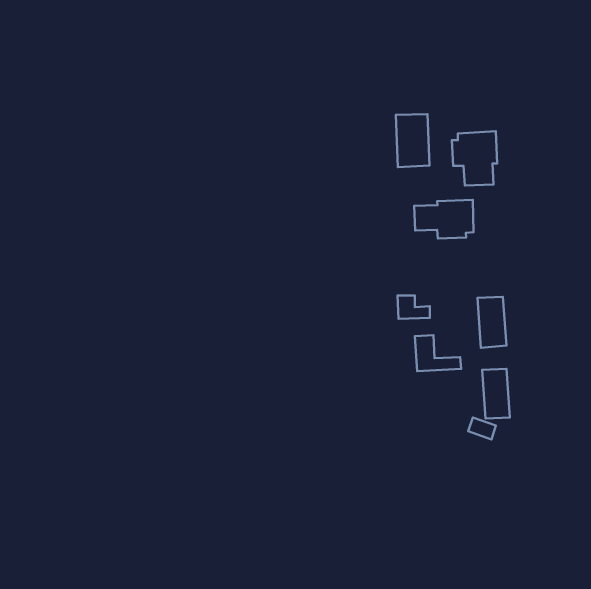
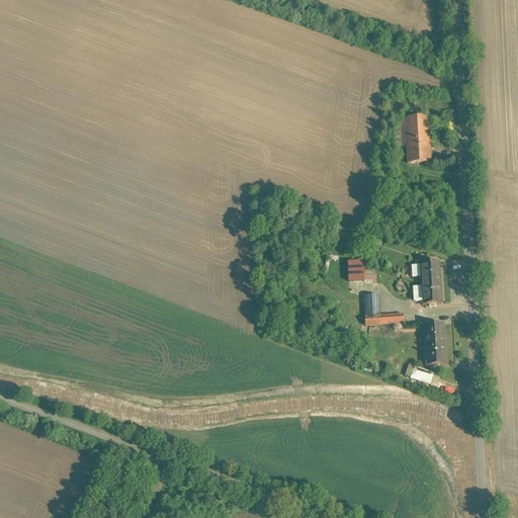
building: [396,114,430,167] -> none
building: [414,200,473,239] -> none

